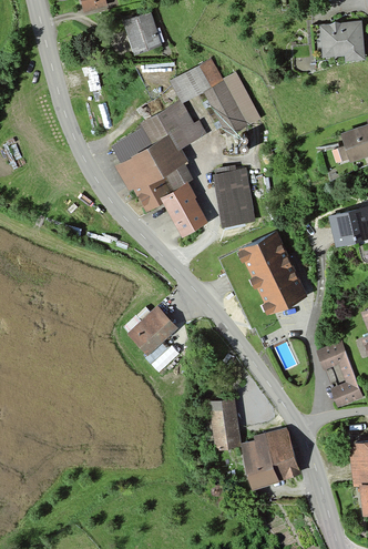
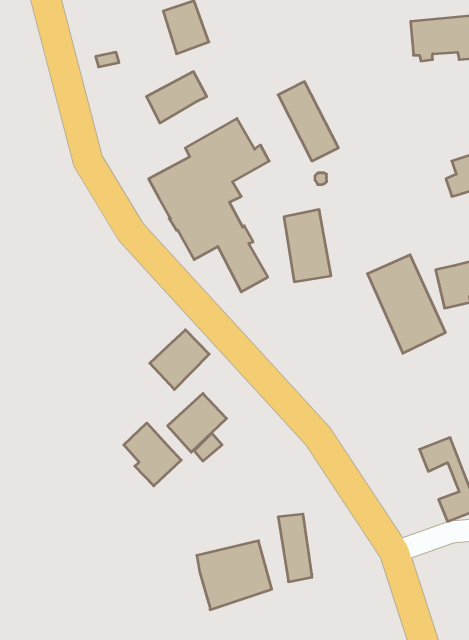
building: [173,61,218,100] -> [146,72,207,123]
building: [246,236,305,311] -> [367,255,445,353]
building: none -> [150,330,209,390]
building: none -> [124,423,181,486]
building: [242,433,298,485] -> [197,541,272,610]

